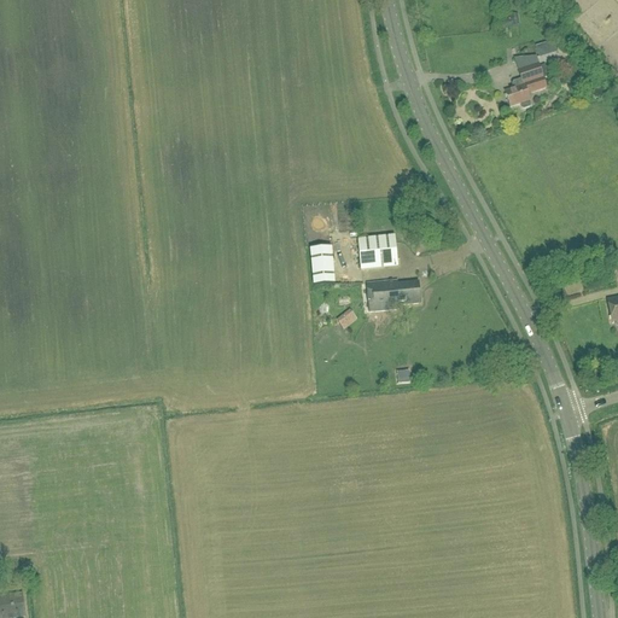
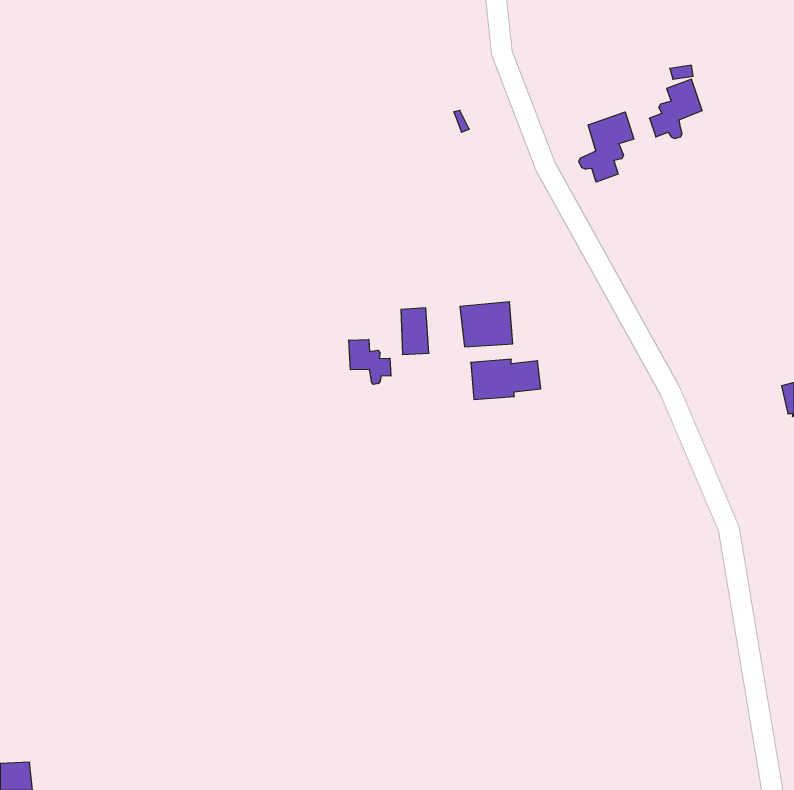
building: none -> [579,112,634,182]
building: none -> [349,339,391,384]

